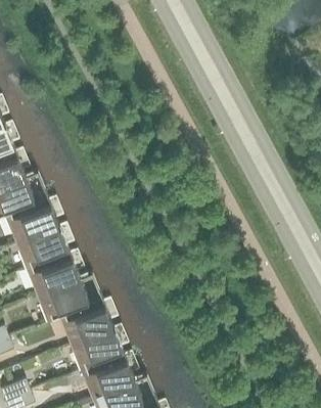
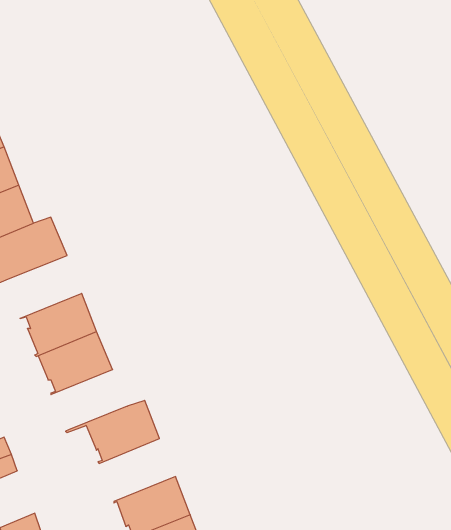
building: [7,199,58,243] -> none
building: [37,279,90,321] -> none
building: [71,327,124,371] -> none

